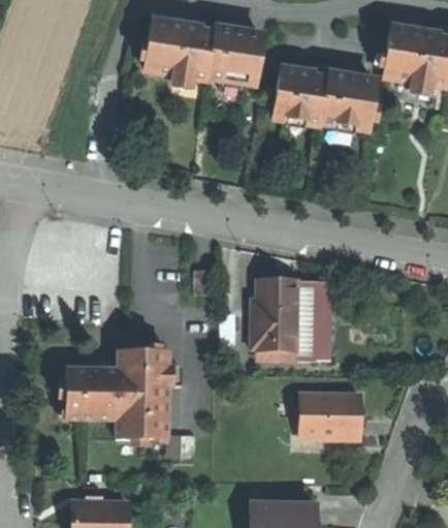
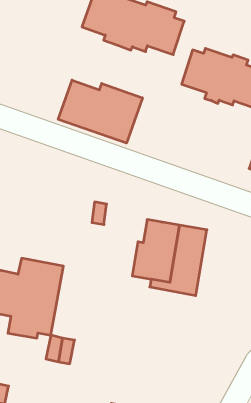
building: none -> [58,80,142,143]
building: [301,393,361,438] -> none

